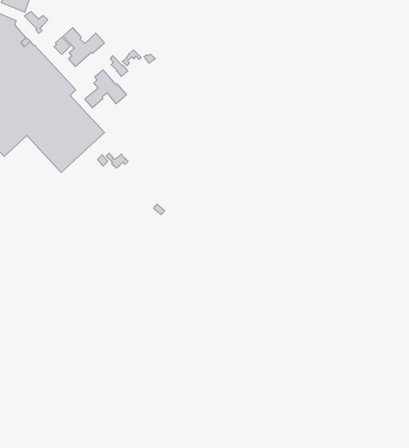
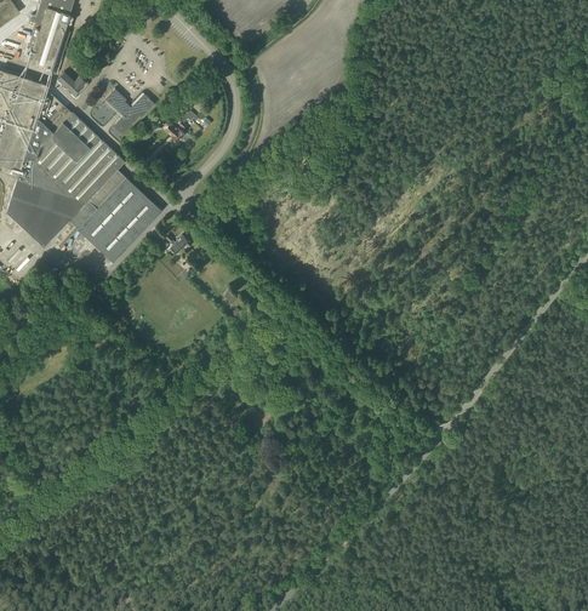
building: [85,70,126,108] -> none

